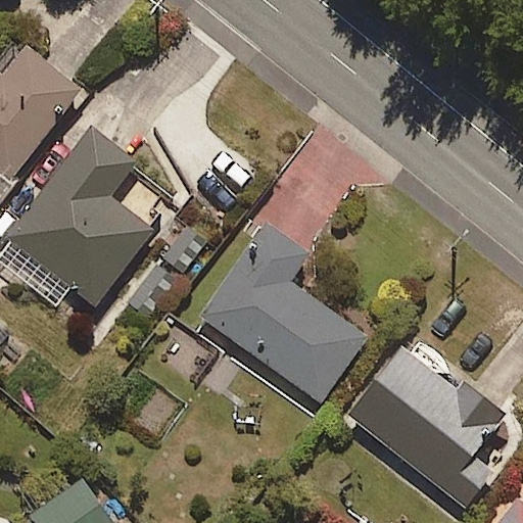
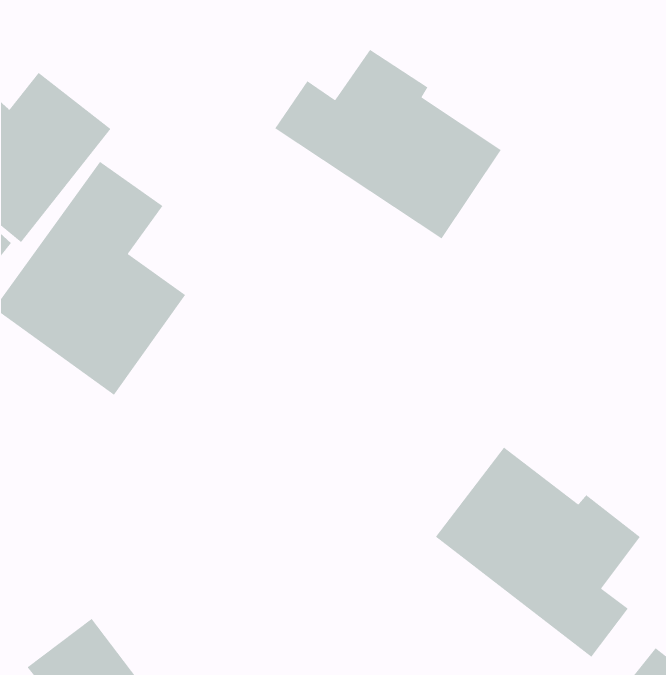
building: none -> [274,49,502,240]
building: [197,221,367,400] -> none

